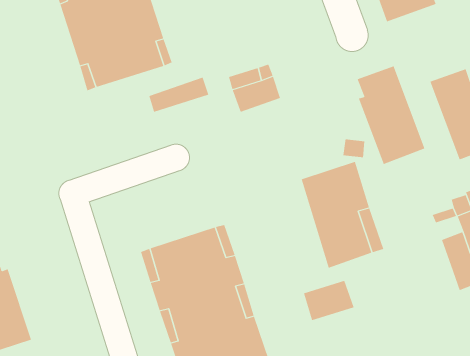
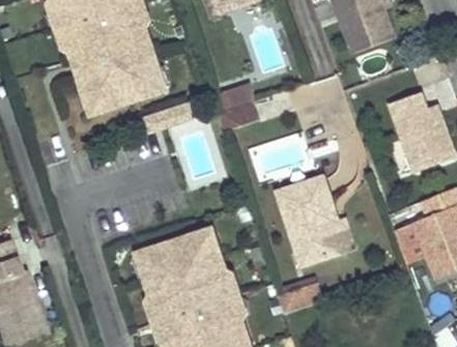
building: [357,65,425,165] -> none

